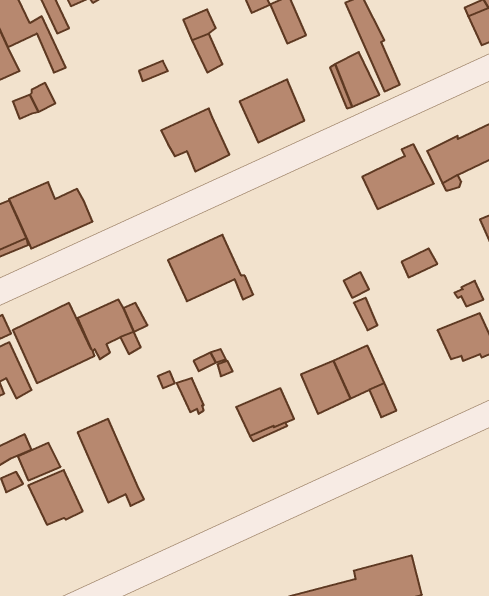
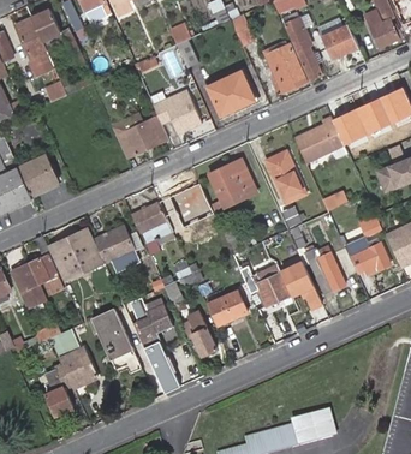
building: none -> [320,20,358,58]
building: [9,182,93,249] -> [109,112,168,159]
building: none -> [264,150,303,198]
building: none -> [209,157,254,198]
building: none -> [130,198,171,239]
building: none -> [306,244,345,292]
building: none -> [131,295,181,392]
building: none -> [181,310,218,353]
building: none -> [46,364,73,416]

